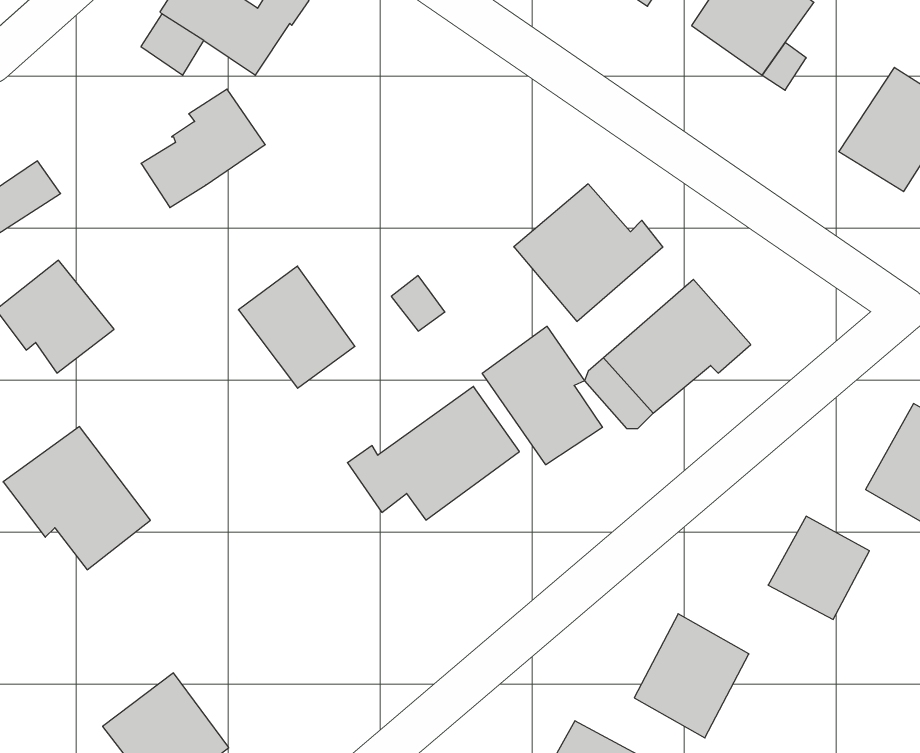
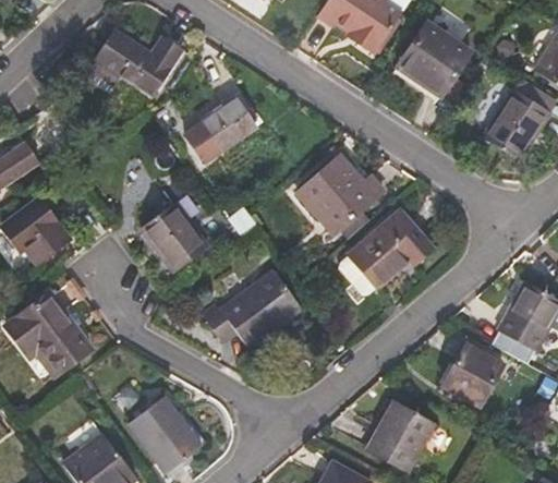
building: [141,89,265,208] -> [185,95,256,162]
building: [482,326,602,465] -> none
building: none -> [129,397,202,472]

